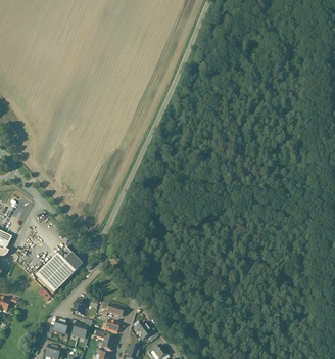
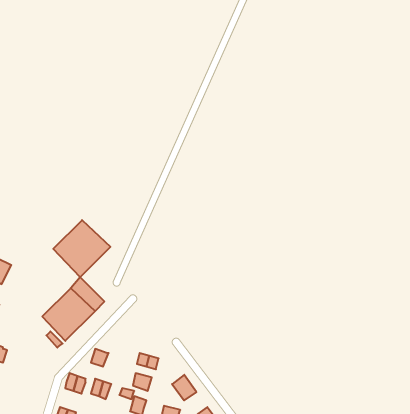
building: none -> [53,220,110,277]

